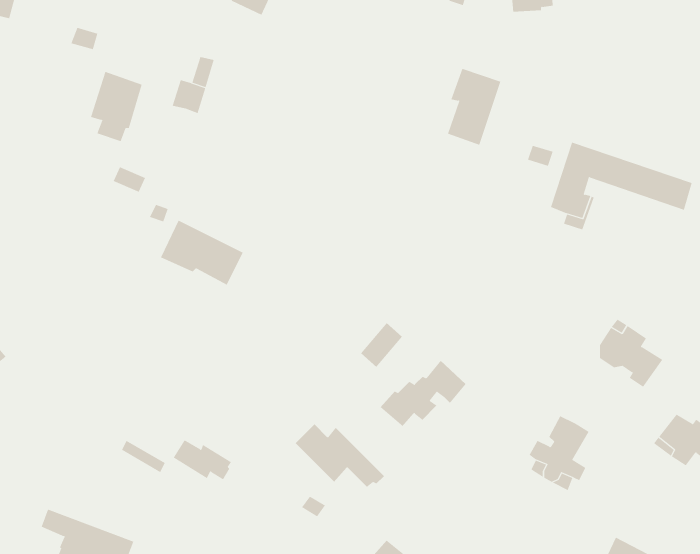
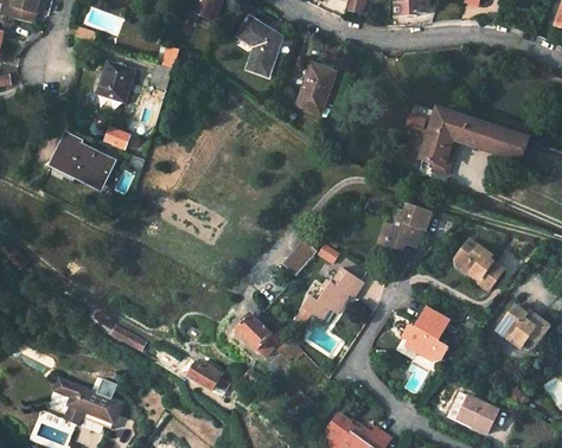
building: none -> [237,17,281,73]
building: [447,68,501,145] -> [298,56,337,111]
building: [160,220,244,285] -> [52,137,113,185]
building: none -> [381,199,429,243]
building: [173,439,232,480] -> [187,363,230,392]

